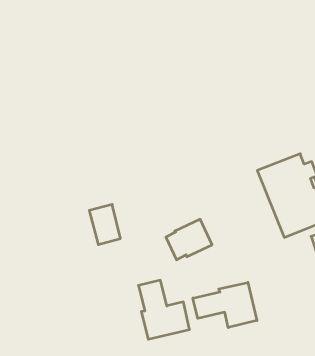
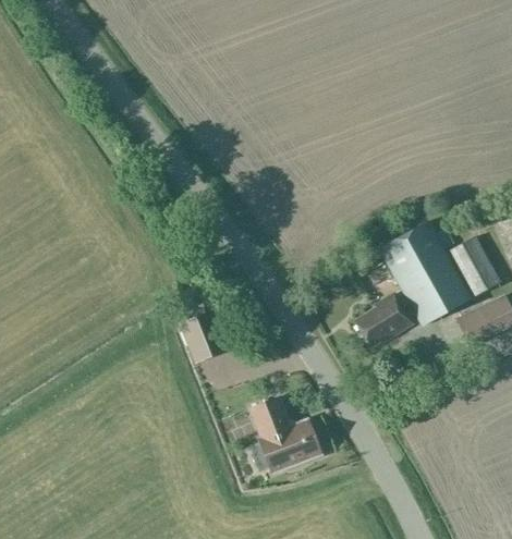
building: [166,219,212,260] -> [354,294,412,347]
building: [193,282,257,328] -> none

